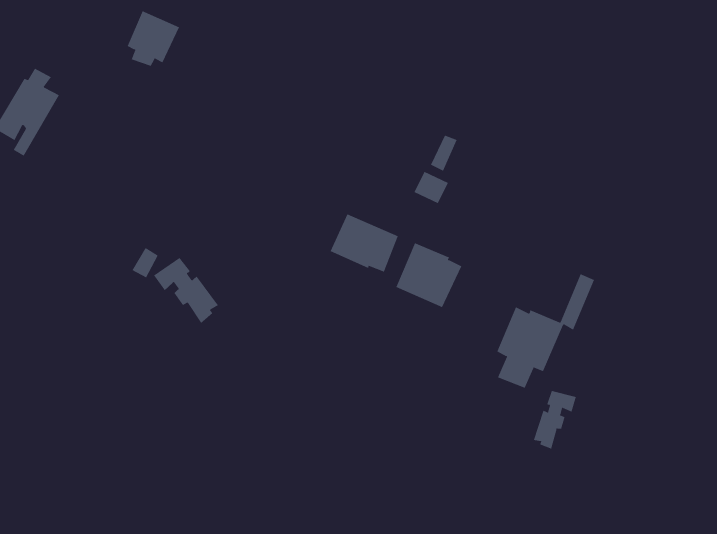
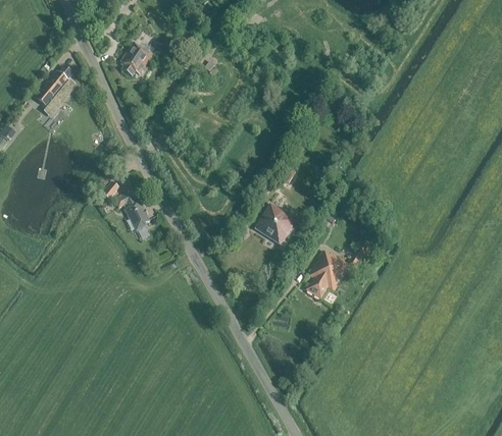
building: [330,213,398,272] -> none
building: [533,390,576,450] -> none

